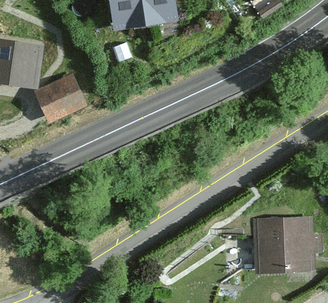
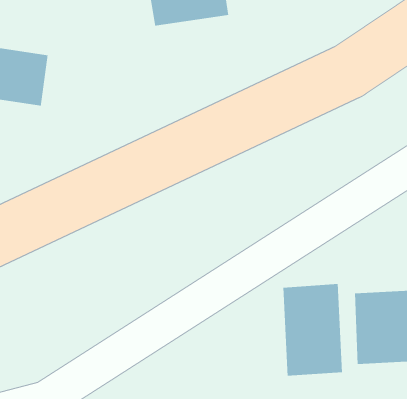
building: [32,74,80,118] -> none
building: none -> [282,283,343,377]

